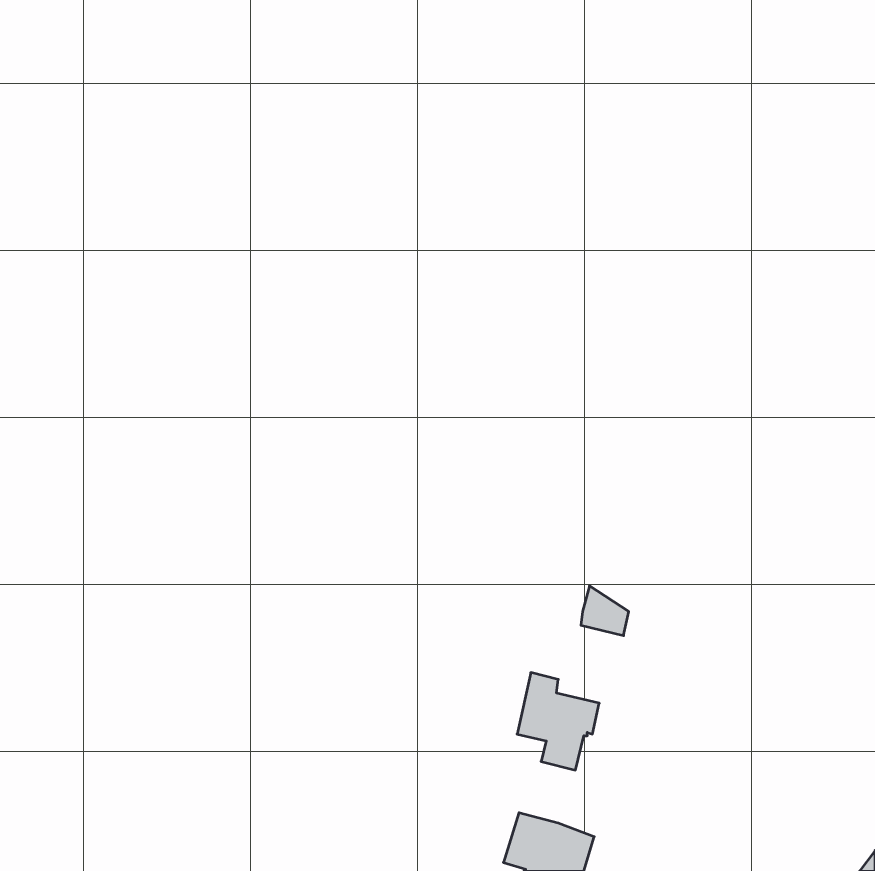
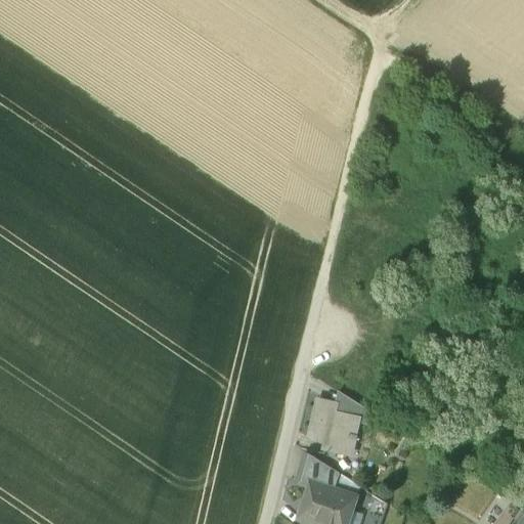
building: [581,586,629,636] -> [333,391,361,421]
building: none -> [301,454,340,492]

